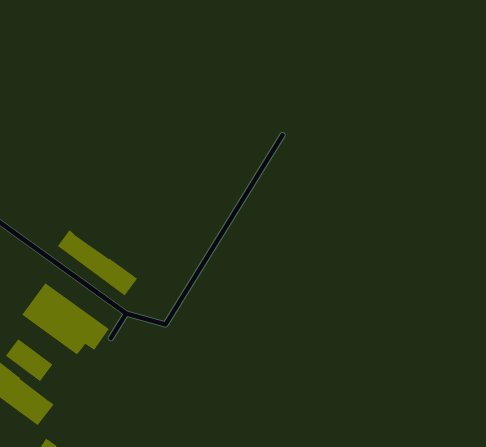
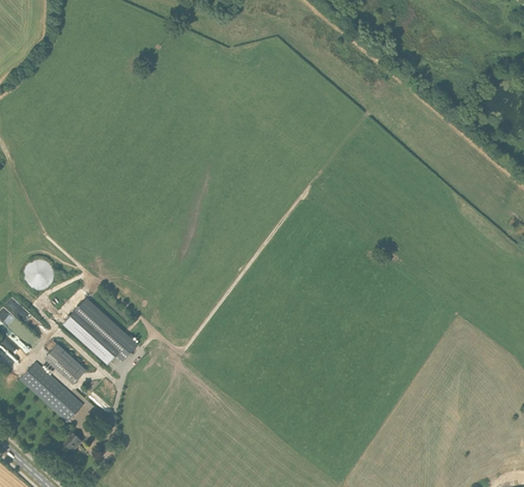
building: [57,229,138,297] -> none

